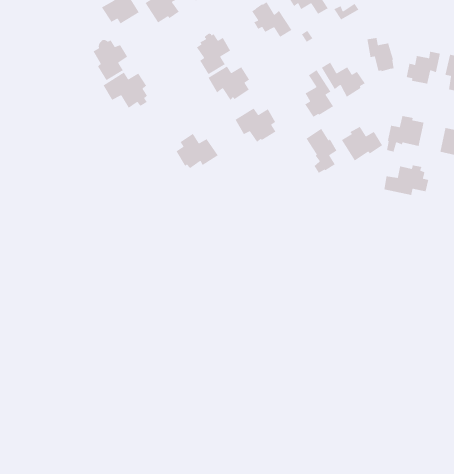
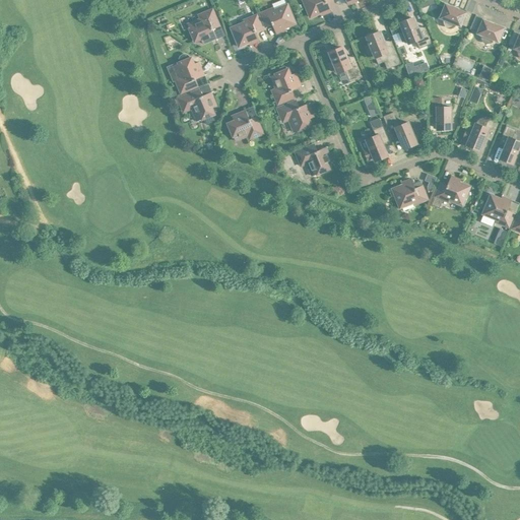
building: [305,128,338,174] -> none
building: [176,133,219,169] -> [224,108,264,141]
building: [384,165,429,196] -> none

